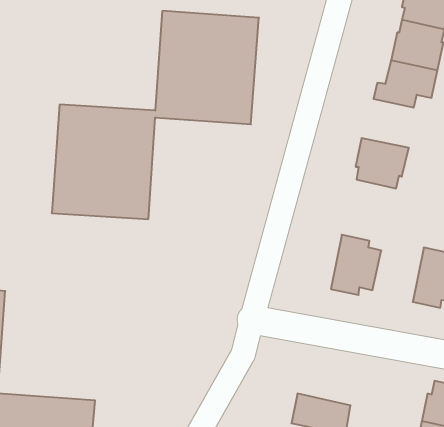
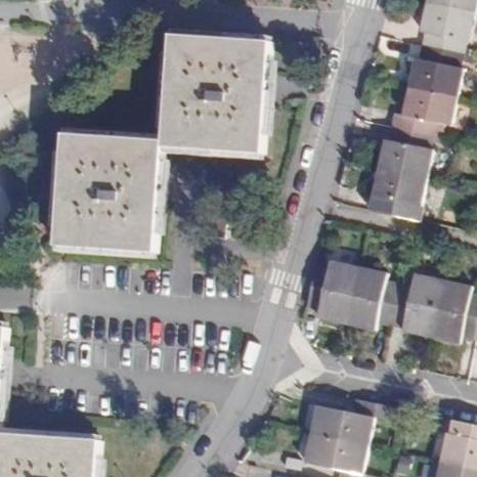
building: none -> [376,127,430,178]
building: none -> [302,262,355,324]
building: none -> [387,275,440,338]
building: none -> [309,398,394,445]

